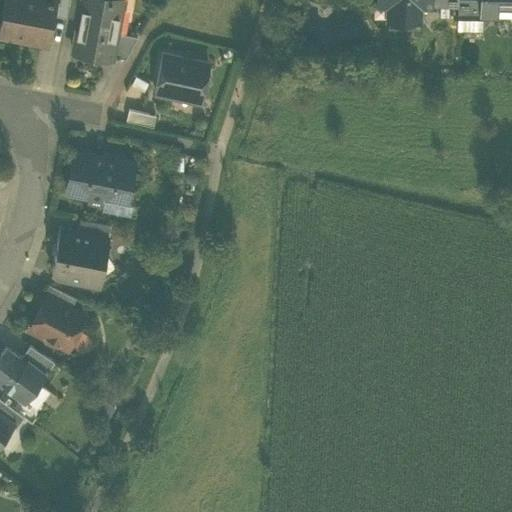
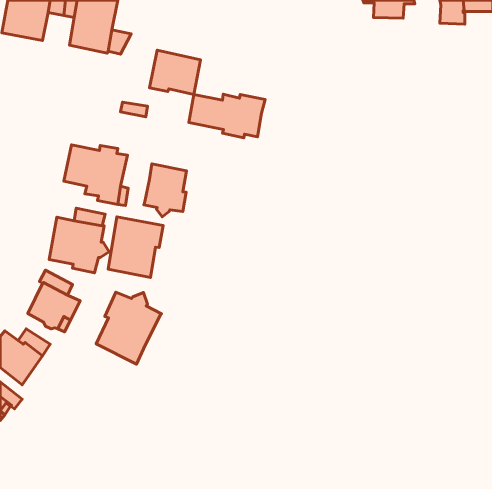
building: none -> [189,94,265,138]
building: none -> [144,164,187,217]
building: none -> [108,217,163,278]
building: none -> [96,292,162,364]

